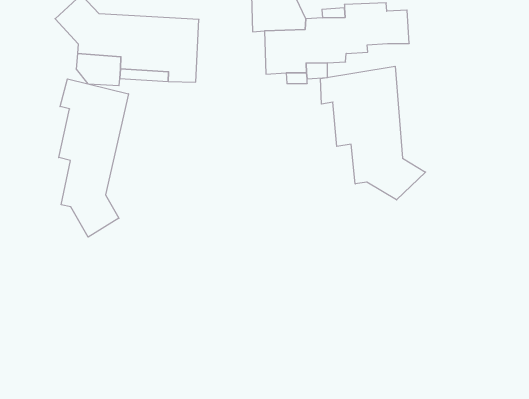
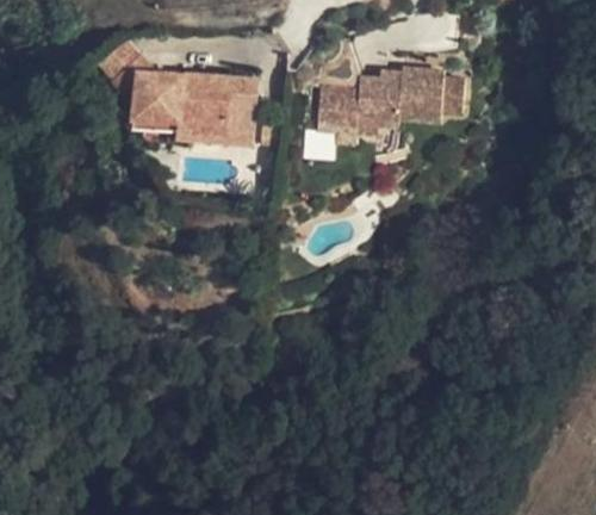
building: [320,66,426,200] -> none
building: [59,79,128,237] -> none

